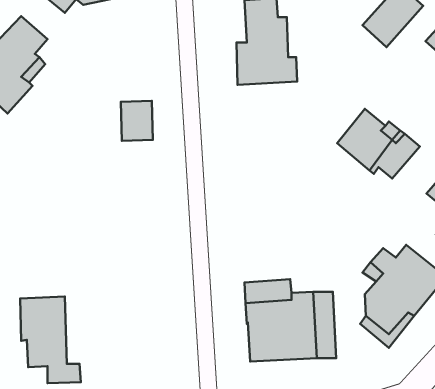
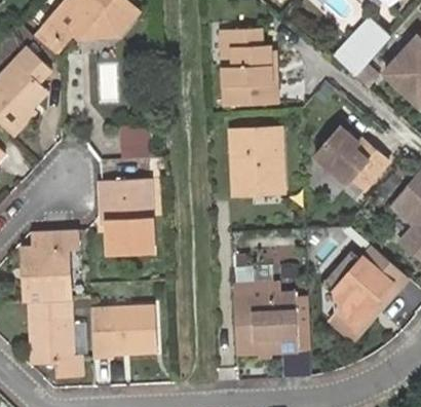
building: none -> [226,130,277,195]
building: none -> [100,177,152,254]
building: none -> [22,228,75,299]
building: none -> [89,304,154,355]

